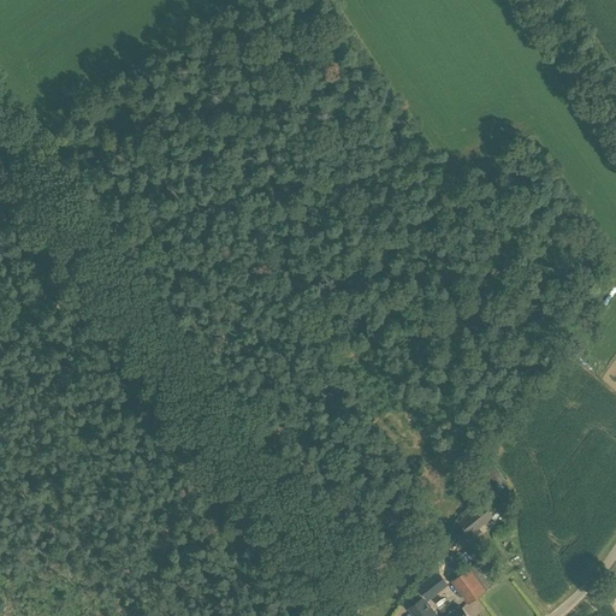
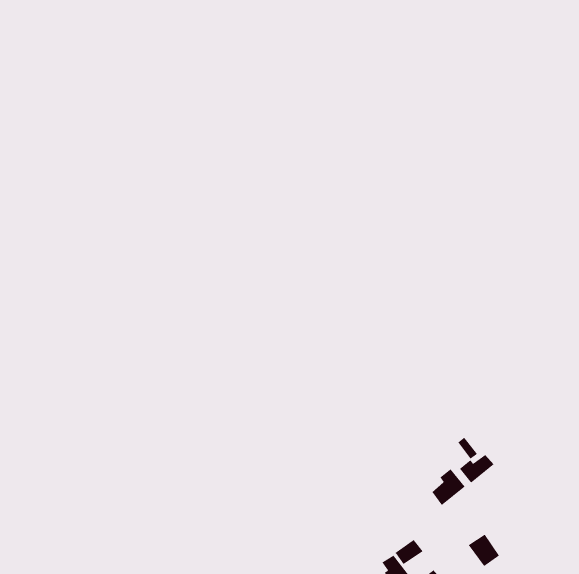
building: none -> [459,454,494,483]
building: [454,575,487,610] -> [468,534,500,567]

